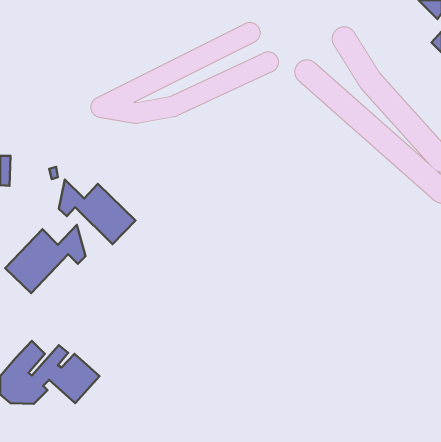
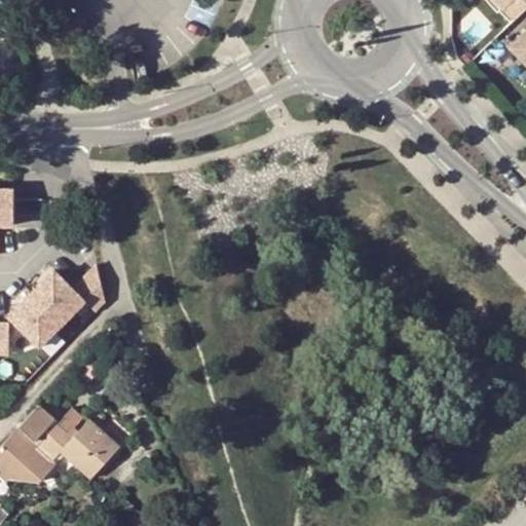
building: [59,180,135,244] -> none

